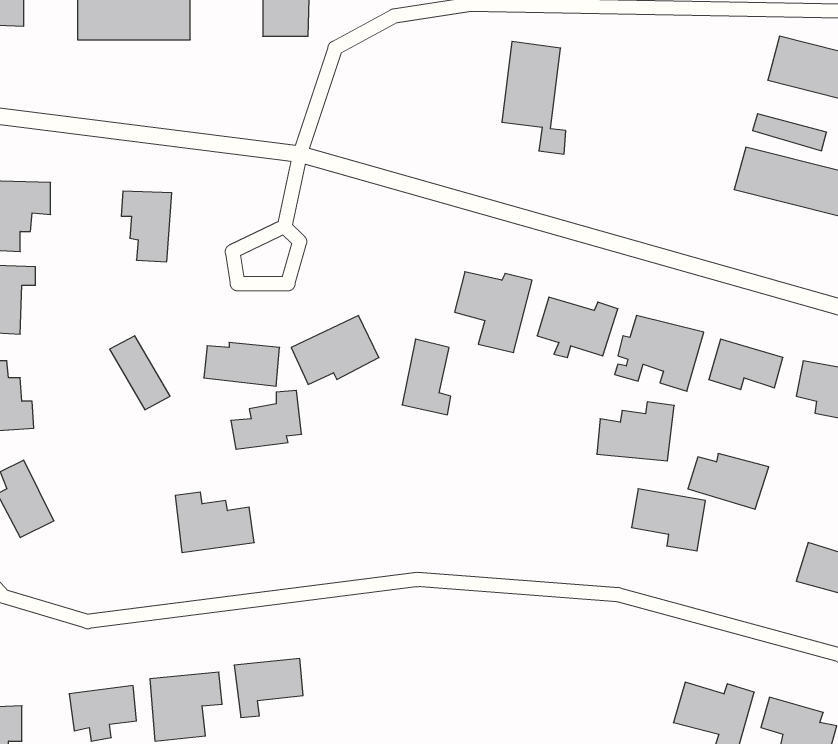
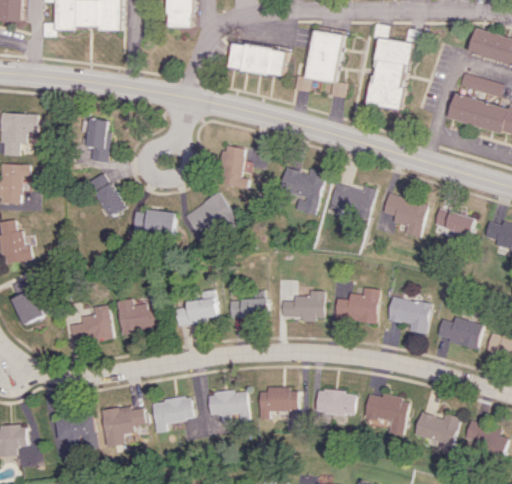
building: none -> [368,39,410,109]
building: none -> [230,43,289,76]
building: [110,336,170,410] -> [90,173,126,217]
building: [402,339,451,415] -> [221,145,250,190]
building: [231,390,302,449] -> [174,291,216,326]
building: [597,402,674,461] -> [333,288,379,323]
building: [688,454,769,509] -> [435,317,483,350]
building: none -> [281,291,323,320]
building: none -> [228,299,267,319]
building: none -> [68,305,110,343]
building: none -> [257,387,296,420]
building: none -> [314,391,354,415]
building: none -> [207,392,246,423]
building: none -> [362,394,407,439]

